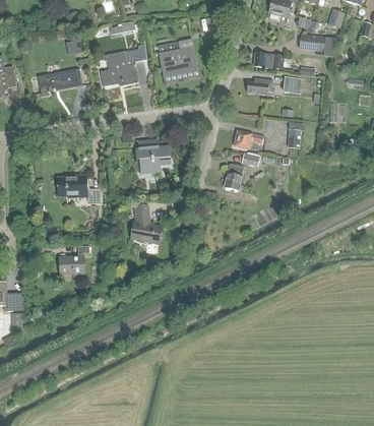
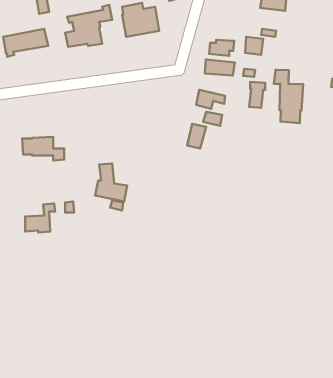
building: [253,52,284,68] -> [205,60,235,76]
building: none -> [274,70,303,123]
building: [134,140,171,173] -> none

